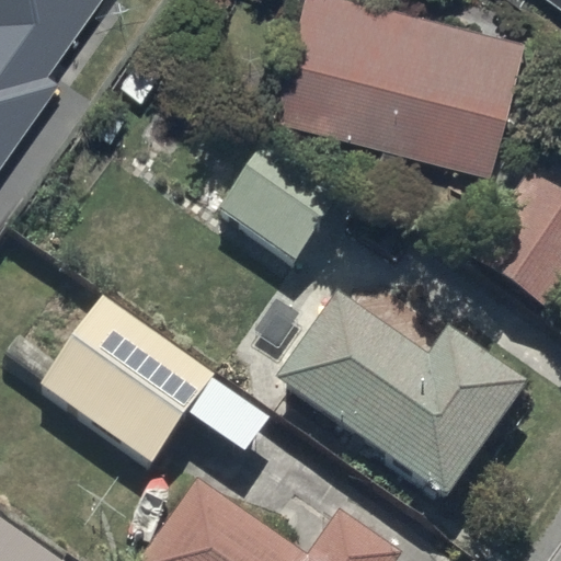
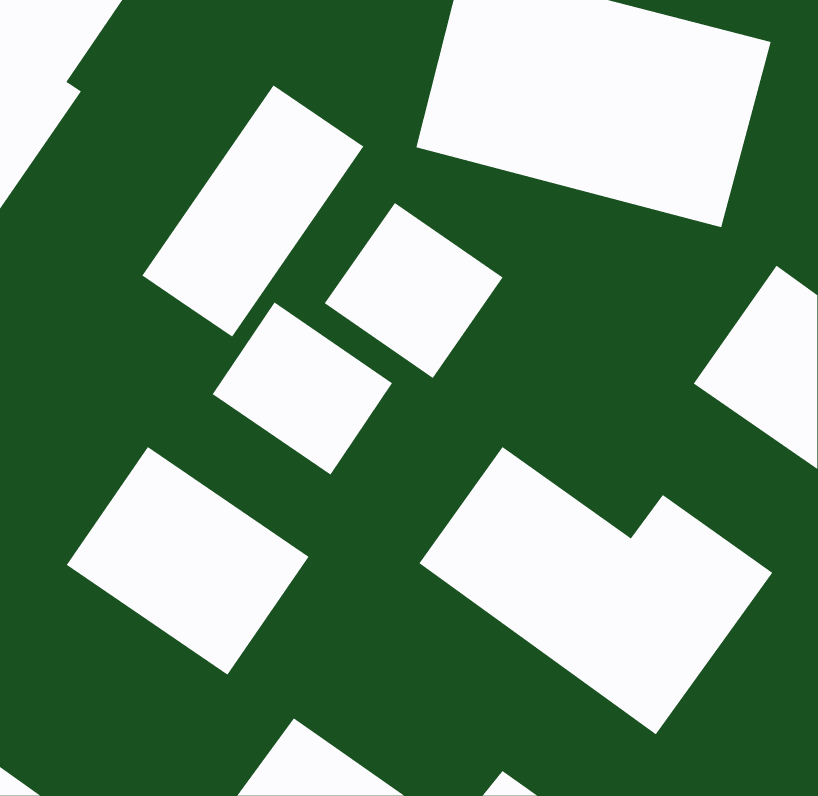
building: none -> [141,84,364,338]
building: none -> [212,302,393,475]

